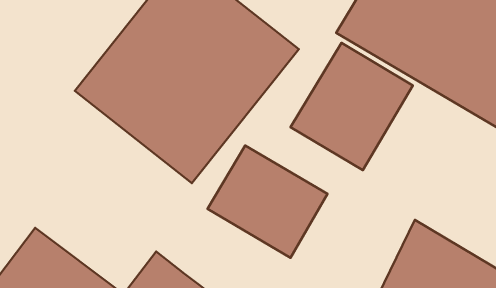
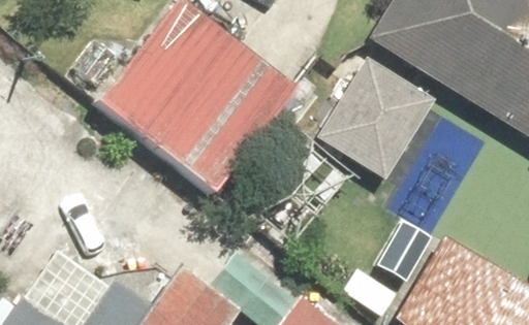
building: [208,146,328,258] -> none

